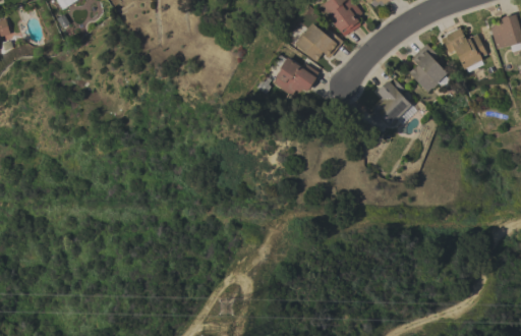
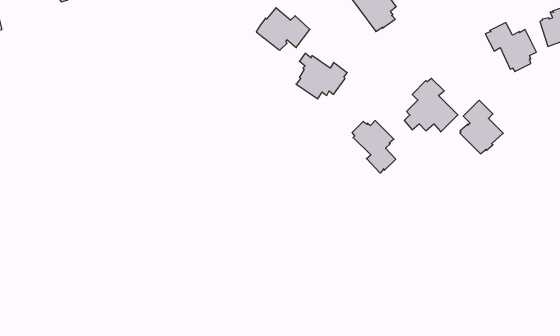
building: [295,22,343,60] -> [256,8,310,50]
building: [409,44,448,92] -> [460,100,503,154]
building: none -> [352,121,396,173]

